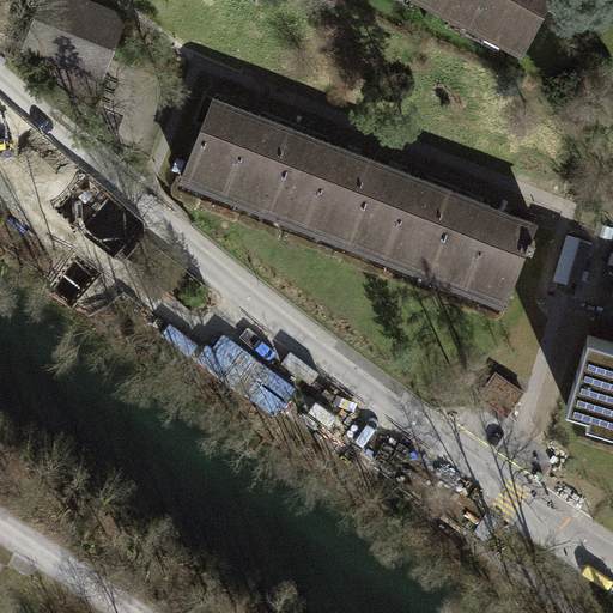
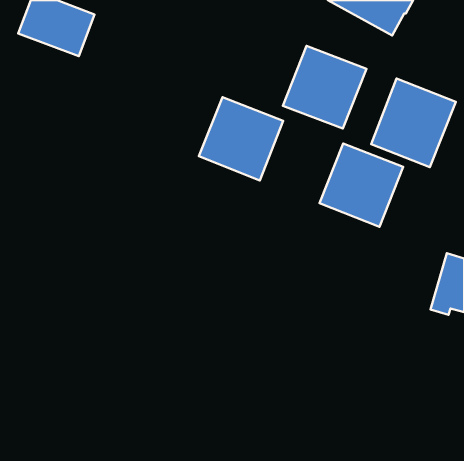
building: [182,99,293,210] -> none
building: none -> [371,79,456,167]
building: [342,163,453,272] -> [283,46,366,129]

